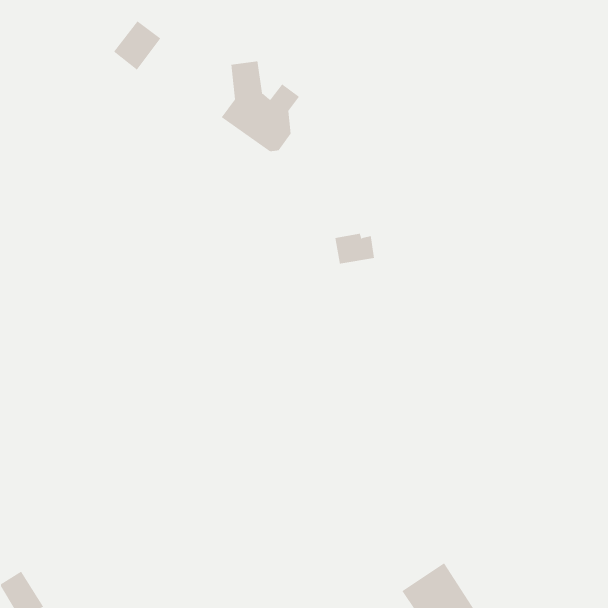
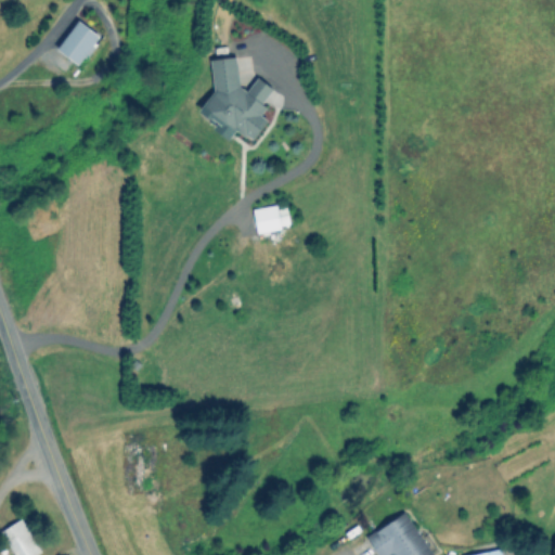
building: [113,20,161,71] -> [57,22,101,67]
building: [334,233,375,264] -> [254,206,291,234]

